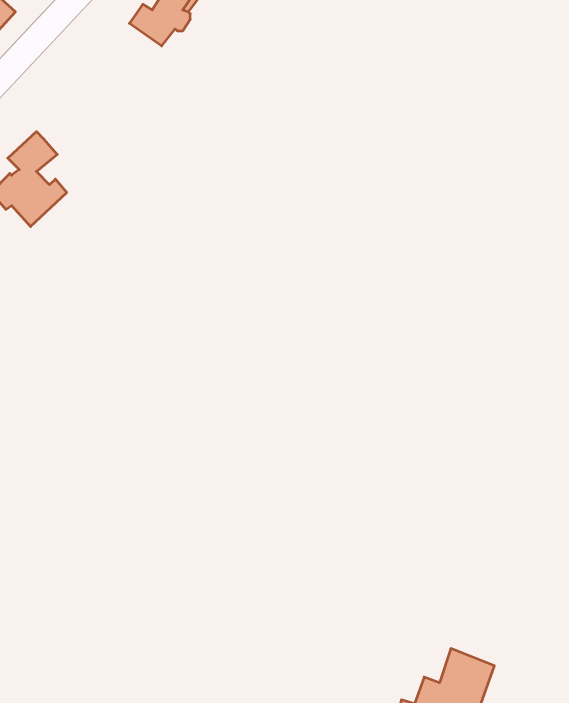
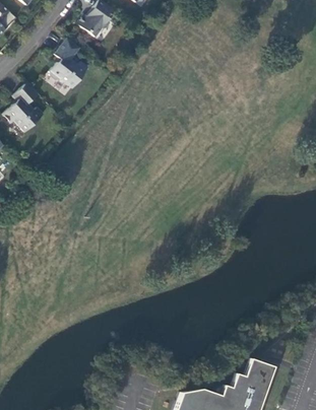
building: none -> [50,38,88,87]

